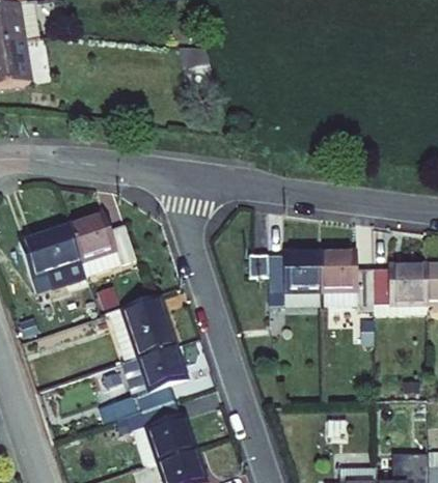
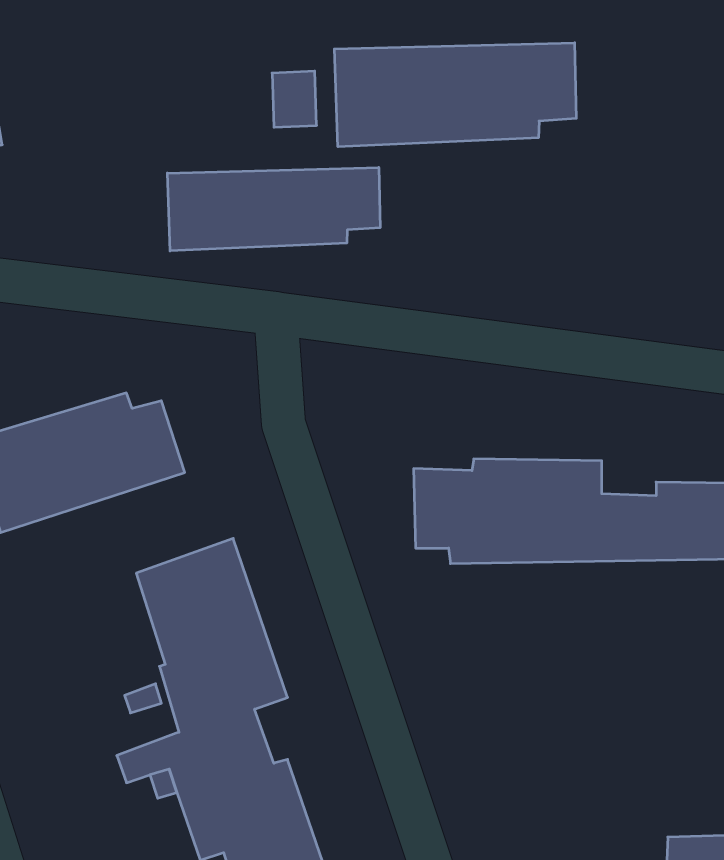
building: none -> [334,43,576,147]
building: none -> [167,167,380,251]

